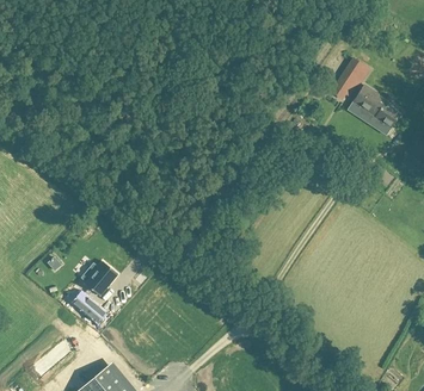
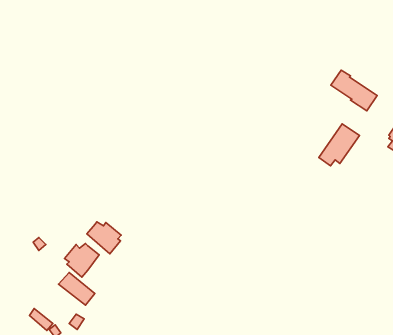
building: [328,56,370,99] -> [319,124,359,166]
building: none -> [87,222,121,254]

